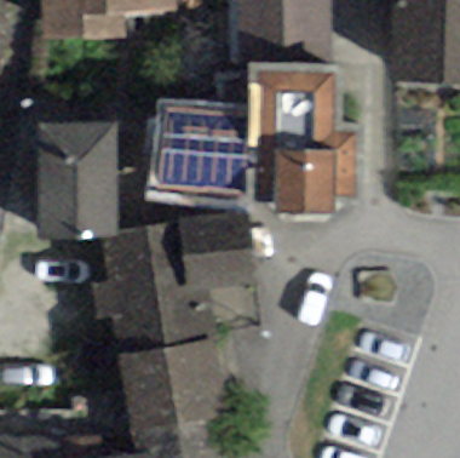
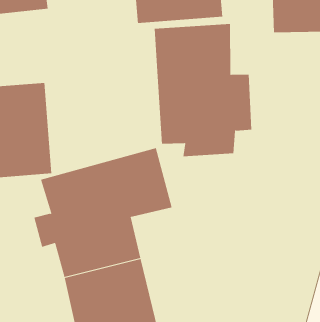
building: [140,95,243,202] -> none

